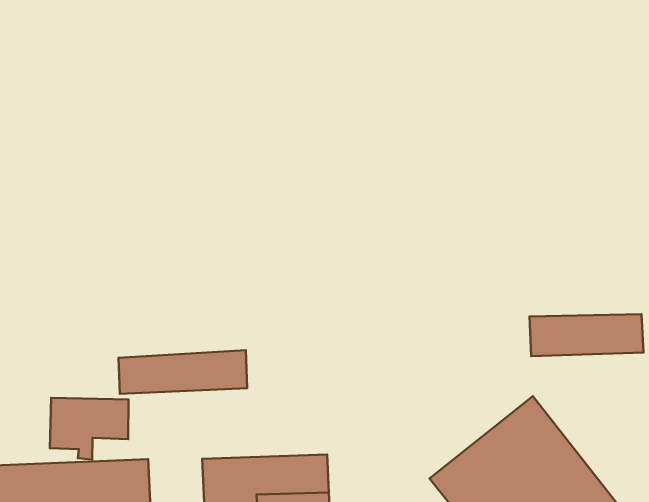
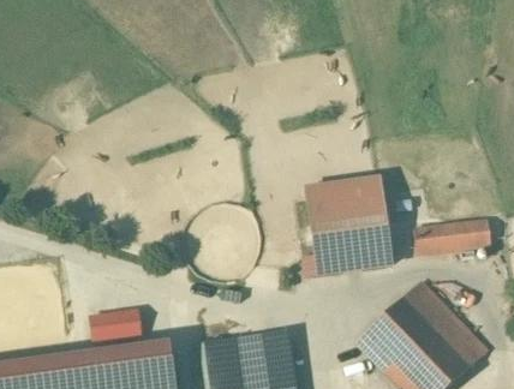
building: none -> [306,176,390,273]
building: [119,350,247,394] -> none

